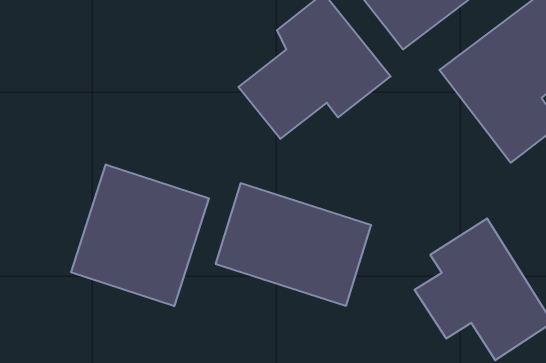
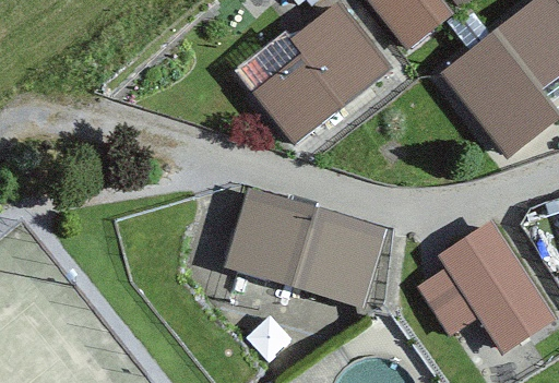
building: [71,164,209,306] -> none

